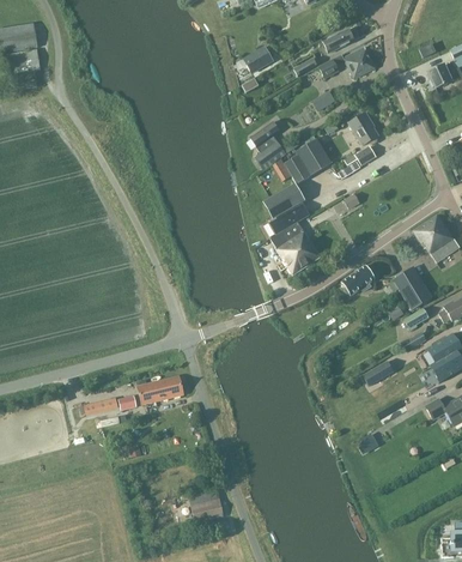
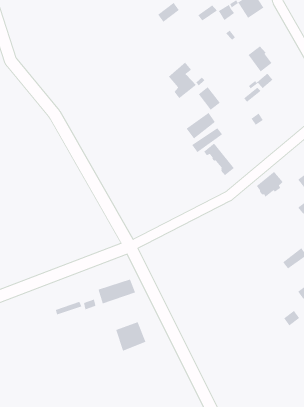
building: [294,138,332,176] -> none
building: [270,232,305,274] -> none
building: [188,488,224,522] -> [115,321,147,352]

